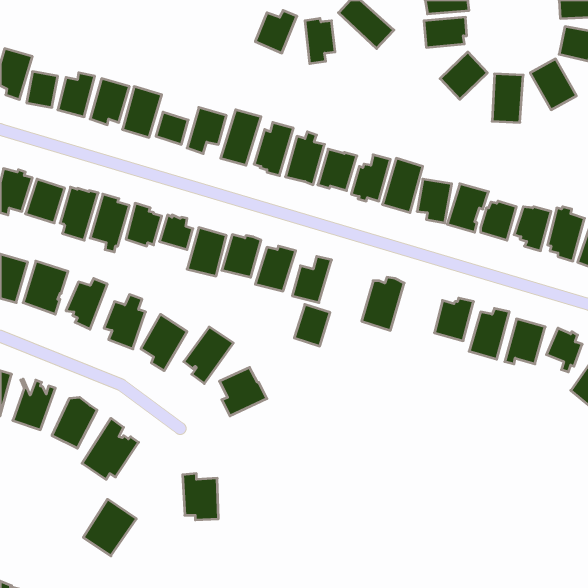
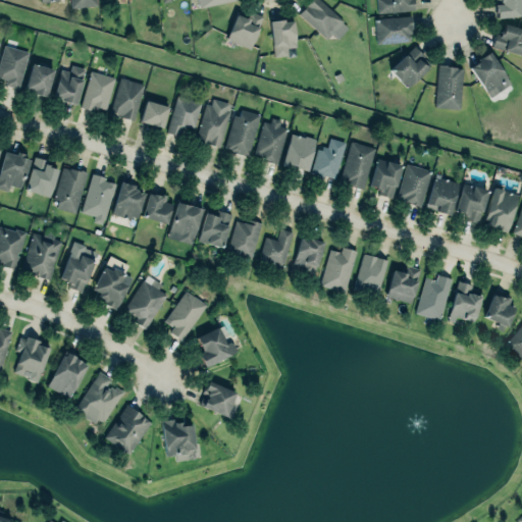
building: none -> [357,254,389,297]
building: [294,304,330,346] -> [293,237,324,273]
building: none -> [202,380,236,414]
building: [83,499,136,556] -> [105,406,152,456]

